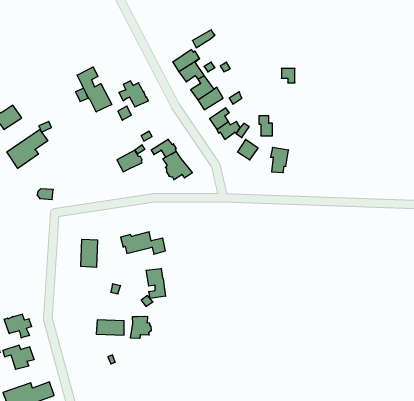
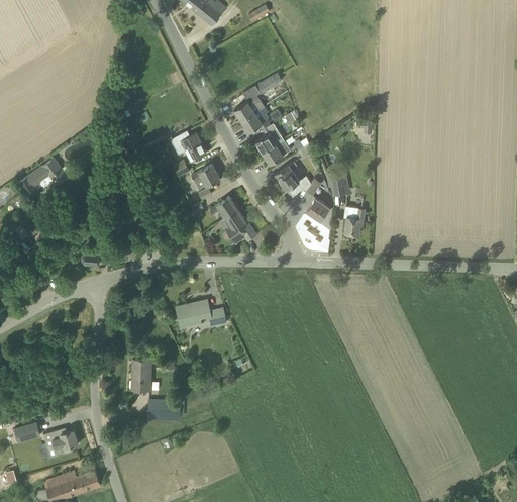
building: [77,67,112,112] -> none
building: [7,130,48,168] -> none
building: [117,150,142,172] -> [192,165,220,189]
building: [81,239,98,267] -> [132,359,151,390]
building: [146,268,166,299] -> none
building: [4,314,32,338] -> none
building: [131,316,151,338] -> none

